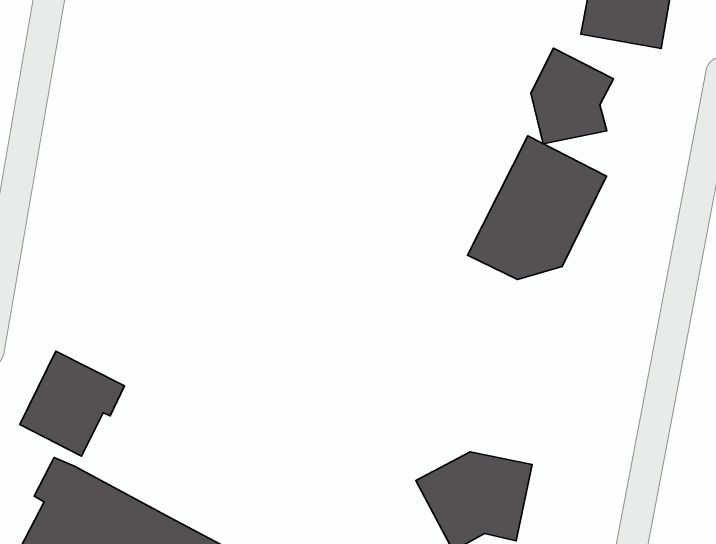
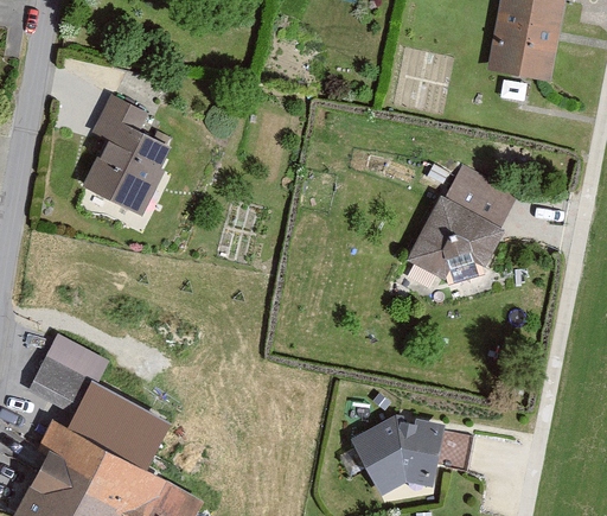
building: [531,48,614,144] -> none
building: none -> [87,96,175,216]
building: none -> [69,384,172,471]

